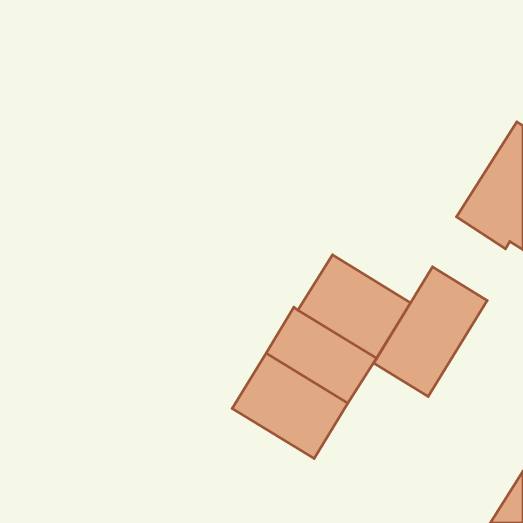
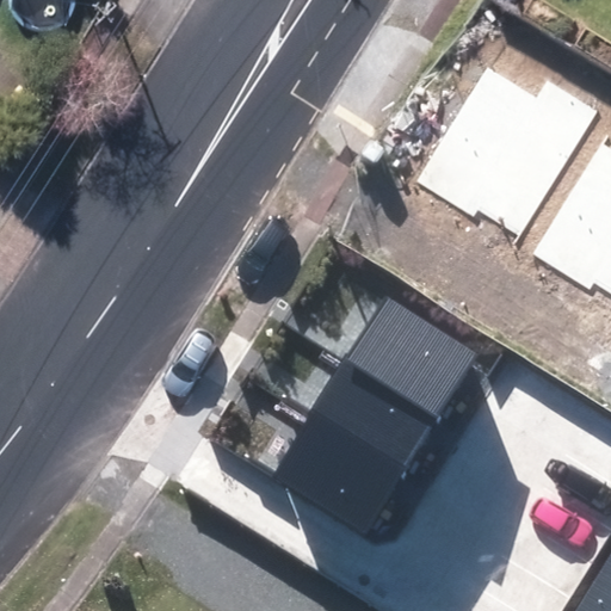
building: none -> [415,66,599,235]
building: [374,267,487,397] -> none

